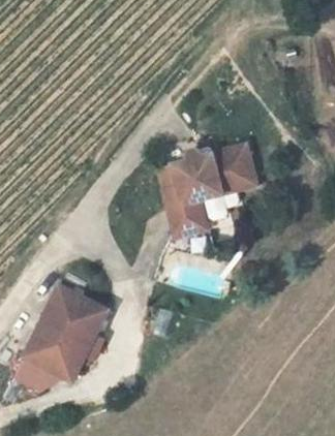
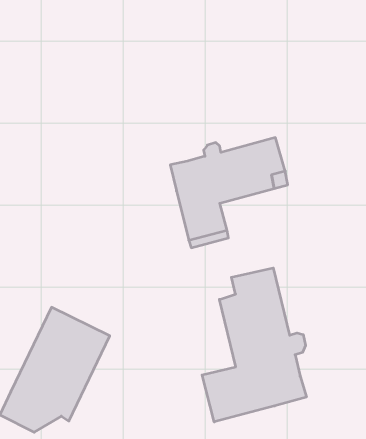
building: none -> [202,268,306,422]

